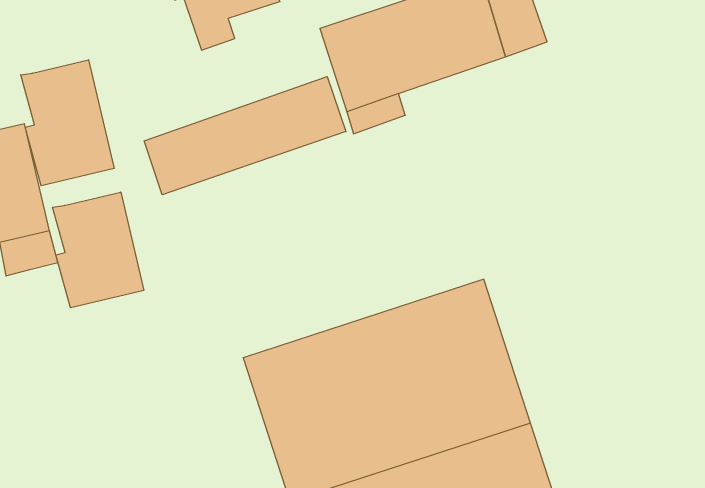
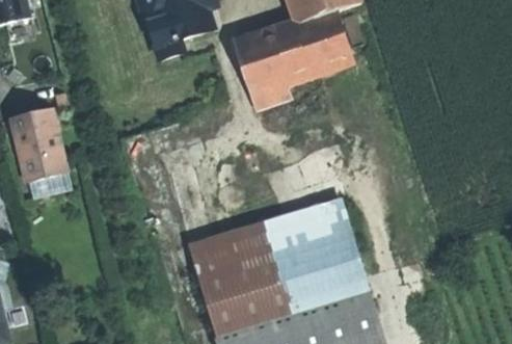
building: [21,60,114,186] -> none
building: [144,77,346,195] -> none
building: [53,192,144,308] -> none

